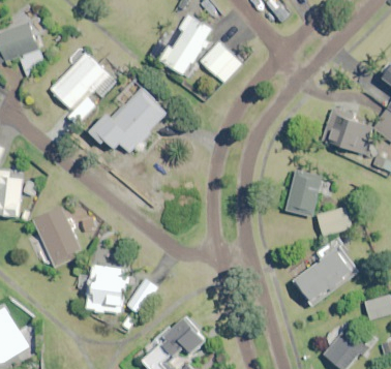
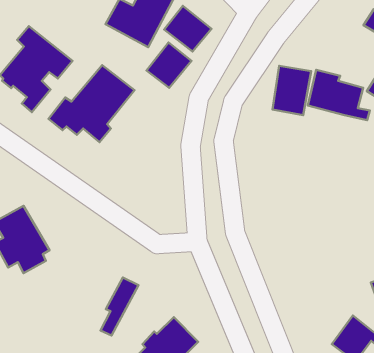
building: none -> [147,43,191,88]
building: [284,172,322,217] -> [273,66,311,115]
building: [318,208,352,236] -> none
building: [295,239,358,304] -> none
building: [77,265,126,313] -> none

